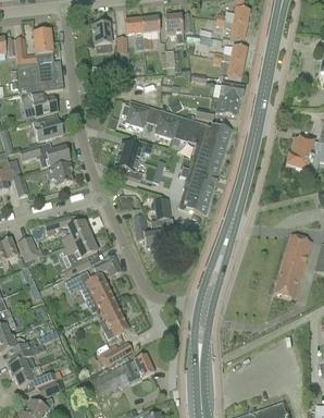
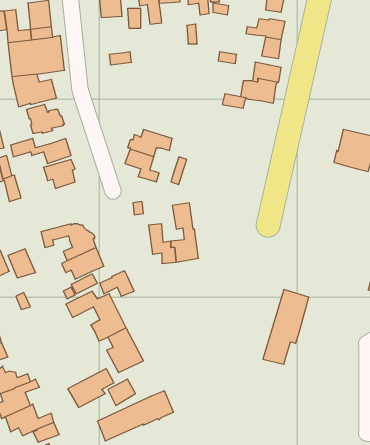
building: [121,101,229,216] -> none
building: [273,235,311,297] -> [263,289,309,364]
building: none -> [68,369,114,407]

